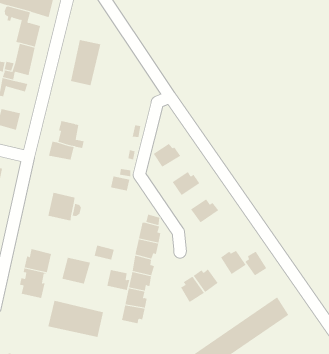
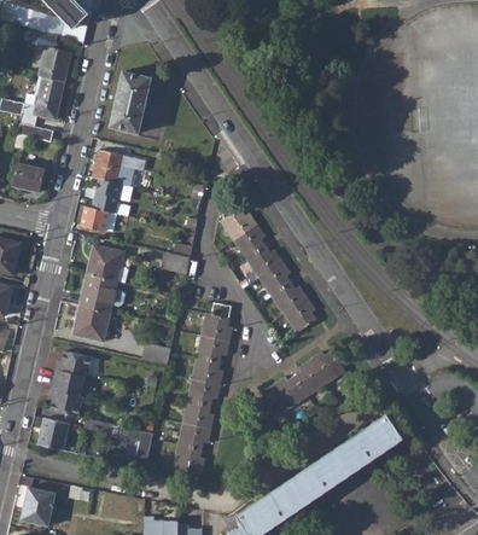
building: none -> [93,150,135,186]
building: none -> [233,226,268,261]
building: none -> [88,245,126,281]
building: none -> [258,262,292,297]
building: none -> [284,298,317,335]
building: [244,251,267,276] -> [295,361,325,395]
building: [62,257,91,284] -> [74,306,112,342]
building: [106,270,130,291] -> [174,444,205,472]
building: none -> [33,414,65,449]

